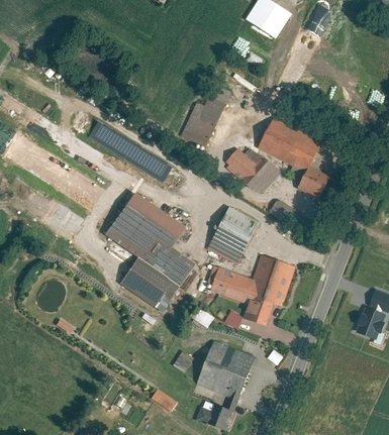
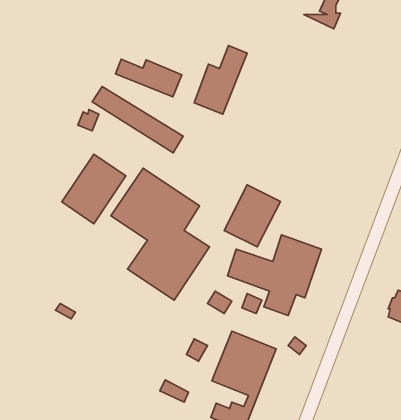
building: none -> [116,59,182,97]
building: [258,114,331,200] -> none
building: [226,145,283,191] -> none
building: none -> [62,154,126,224]

